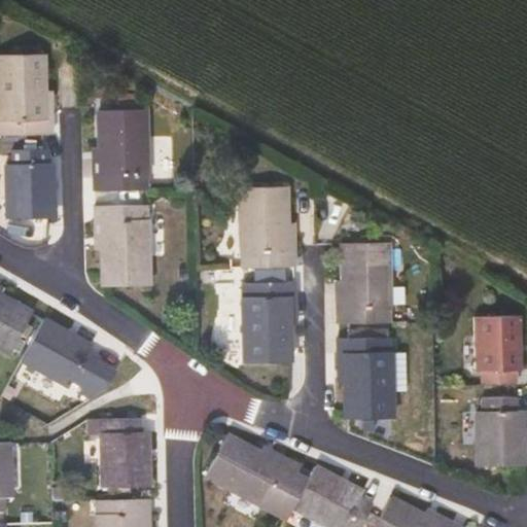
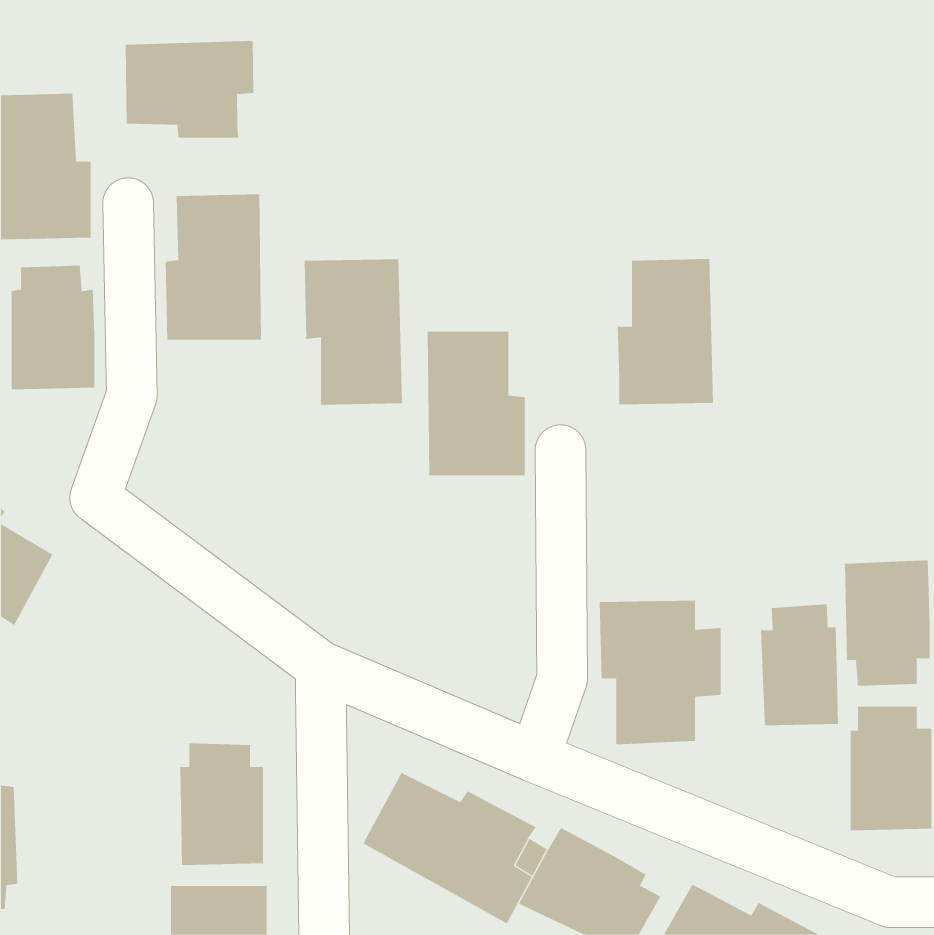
building: none -> [125,40,254,139]
building: [95,204,150,286] -> [304,259,403,405]
building: [337,242,391,324] -> [617,259,714,405]
building: [243,282,297,363] -> none
building: [21,319,115,399] -> none
building: none -> [761,603,839,726]

